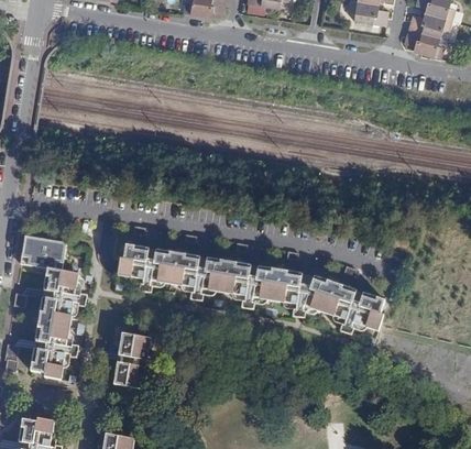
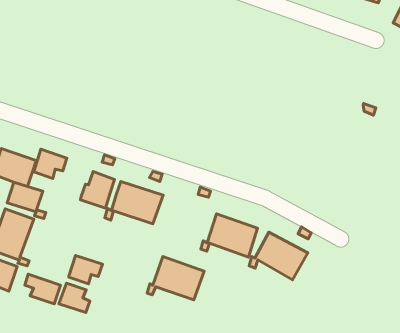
building: none -> [34,149,67,179]
building: [197,258,251,298] -> [147,257,204,300]
building: [347,293,385,331] -> none
building: none -> [25,274,61,304]

